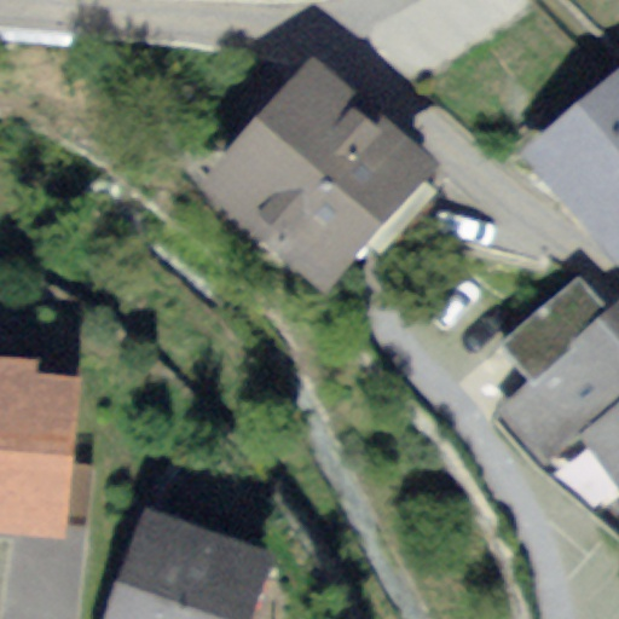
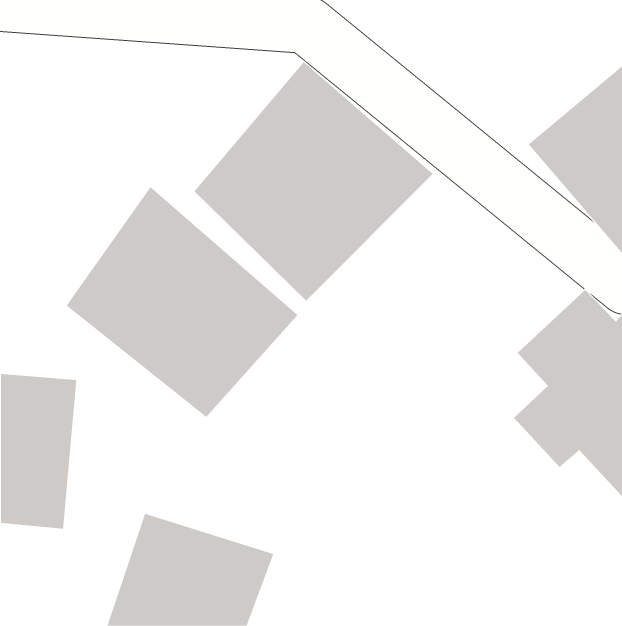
building: none -> [66,186,298,418]

